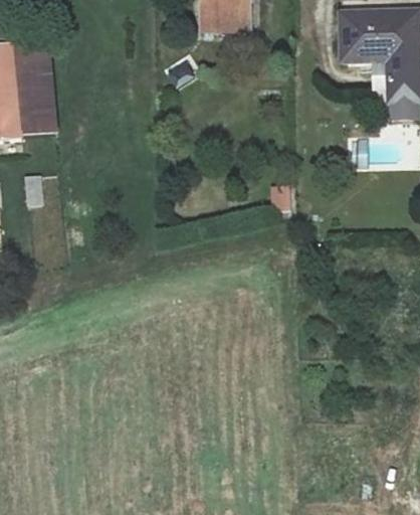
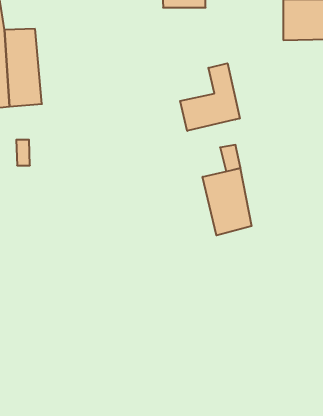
building: none -> [180,63,240,131]
building: none -> [203,168,252,235]

